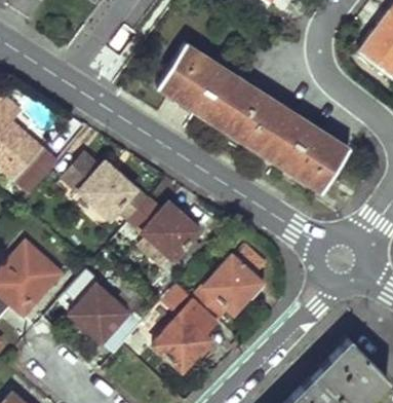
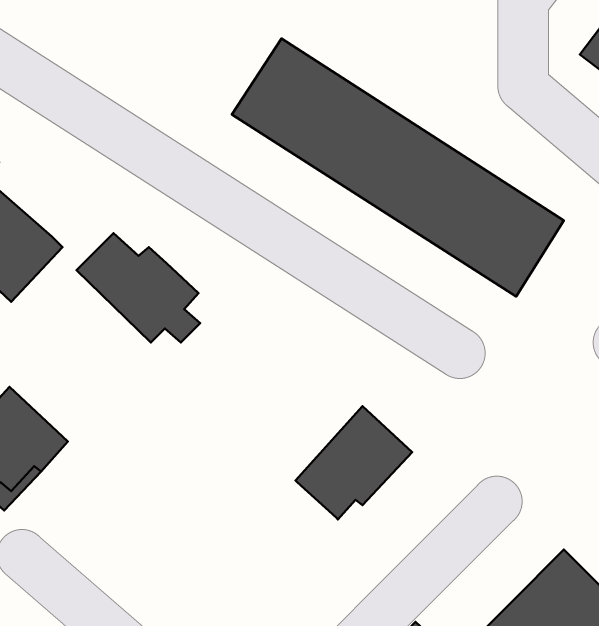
building: [130,199,202,262] -> none
building: [70,285,140,353] -> none
building: [153,299,217,370] -> none

